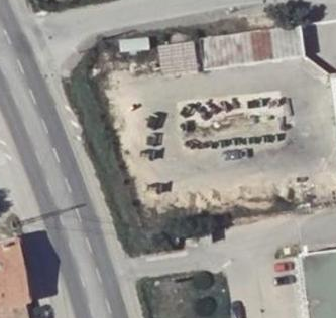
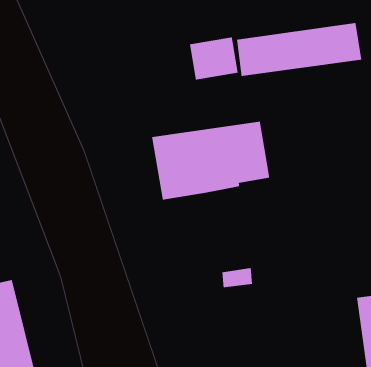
building: none -> [151,121,270,200]

